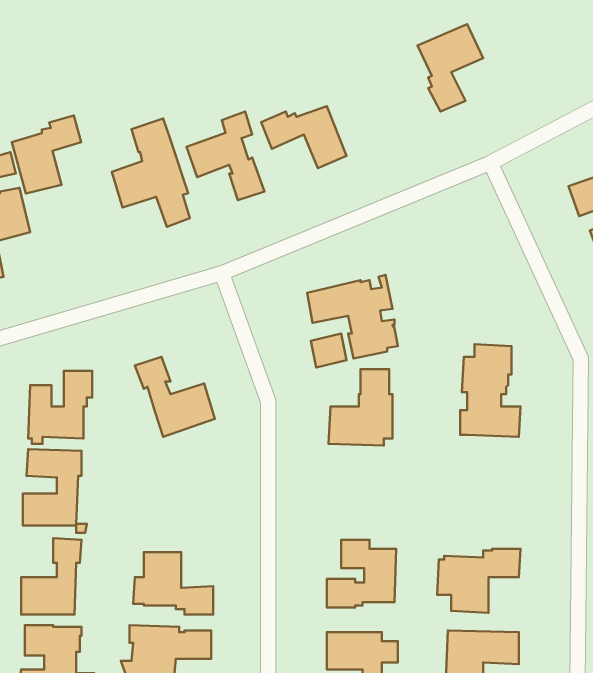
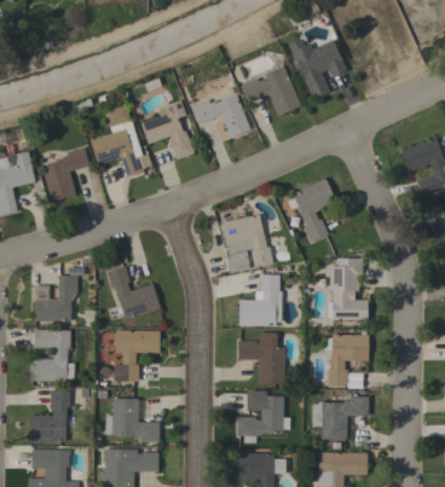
building: none -> [242,65,301,116]
building: [12,115,81,194] -> [42,147,89,201]
building: none -> [293,178,337,242]
building: none -> [114,330,161,382]
building: none -> [238,332,285,383]
building: none -> [323,334,369,385]

